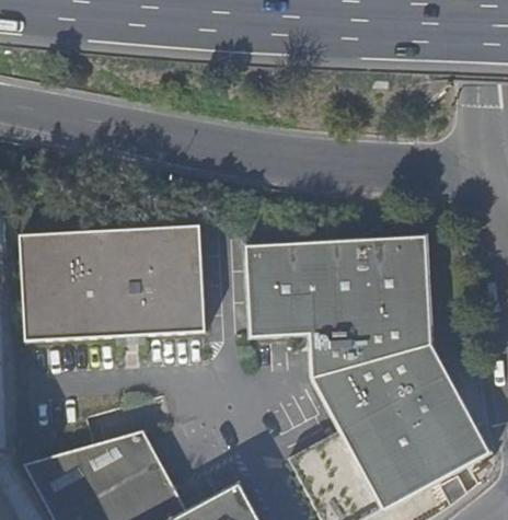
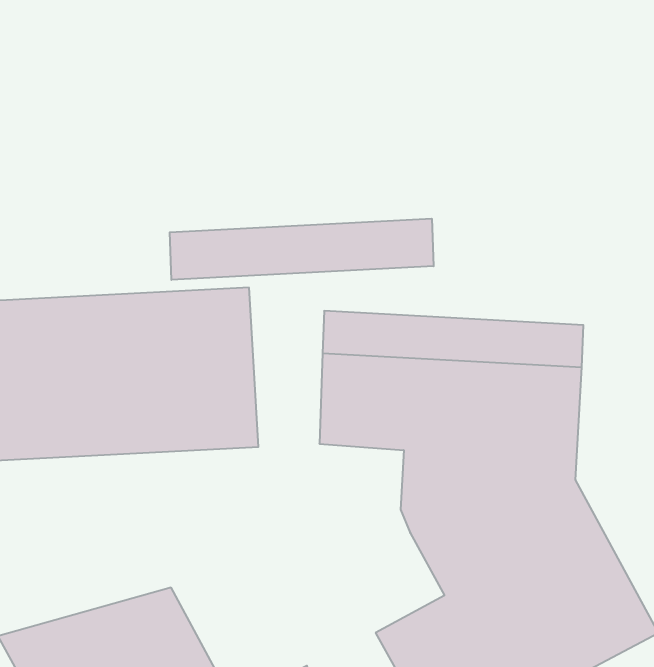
building: none -> [170,219,434,280]

